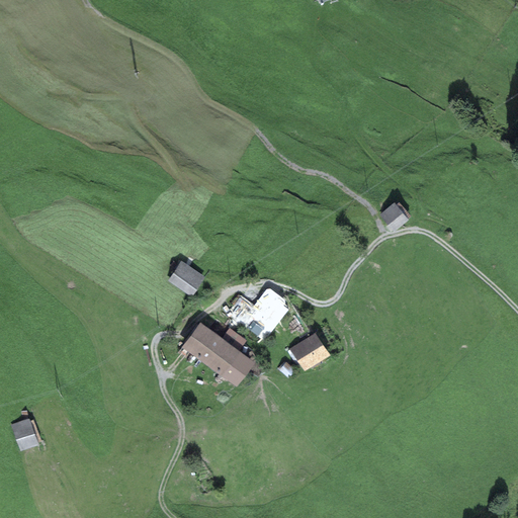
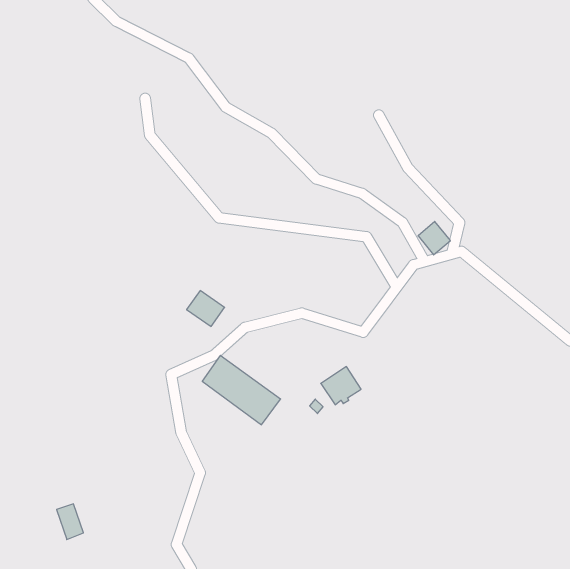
building: [226,291,287,339] -> none
building: [13,419,37,451] -> [57,504,83,540]

